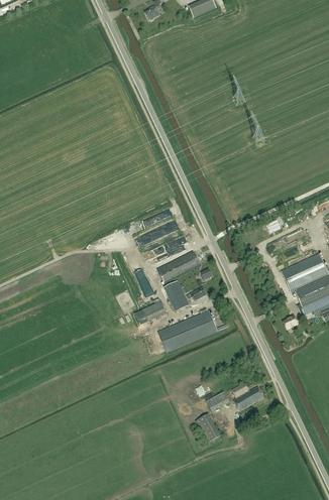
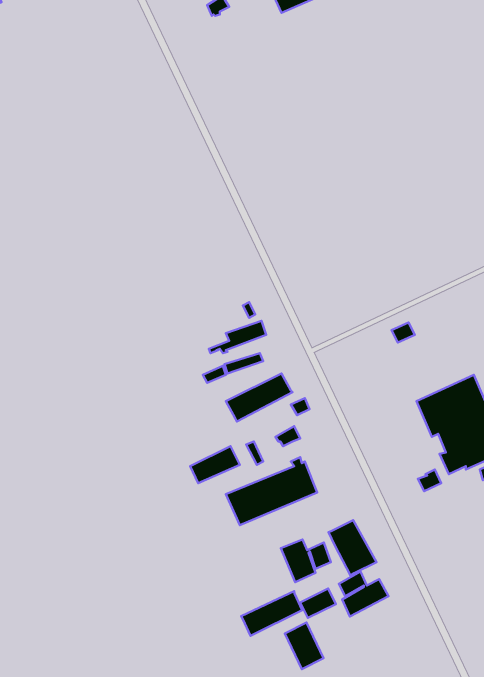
building: none -> [328,520,376,575]
building: none -> [281,539,331,582]
building: none -> [241,591,302,636]

